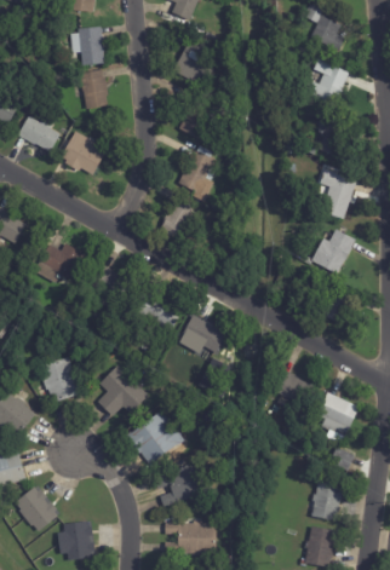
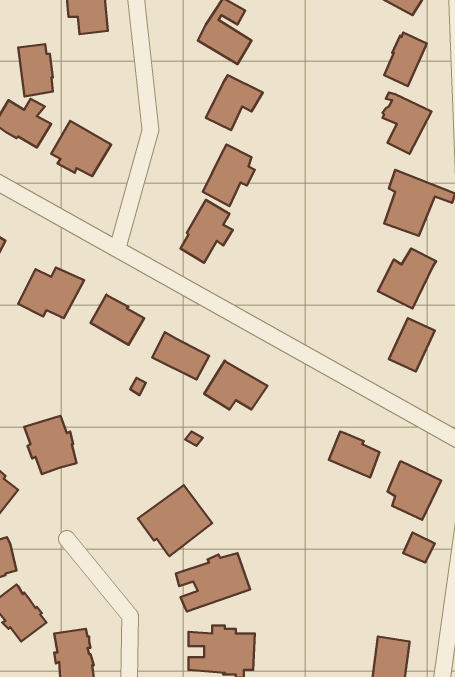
building: [81,69,108,109] -> [18,44,53,96]
building: [98,364,149,416] -> none
building: [306,479,343,522] -> none

